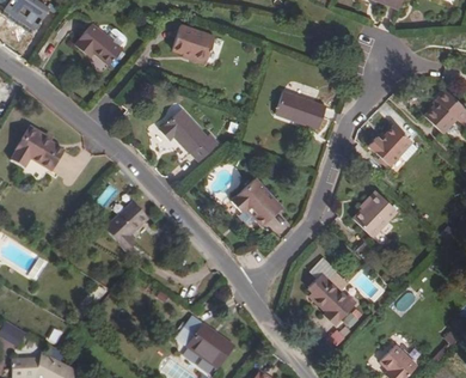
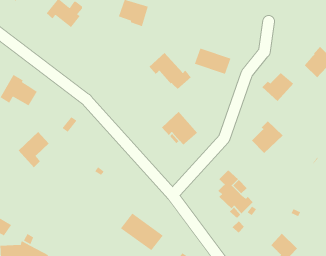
building: [159,109,217,160] -> [149,52,192,90]
building: [104,202,147,252] -> [18,131,50,168]

